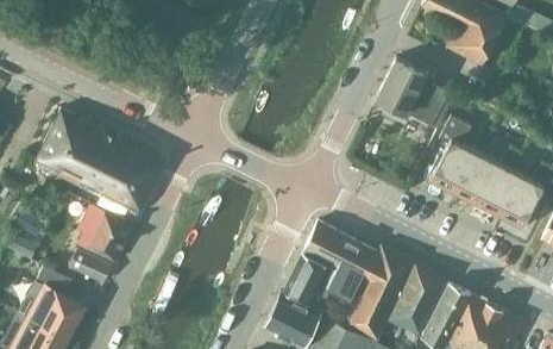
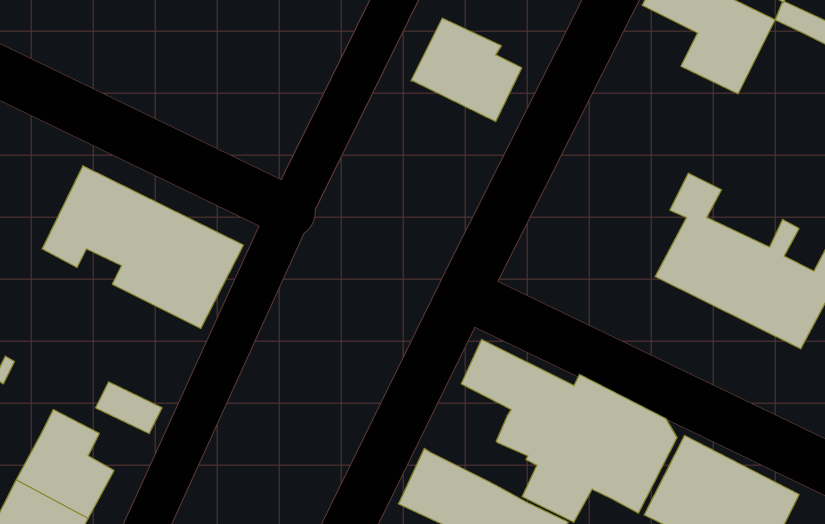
building: [376,58,447,125] -> [411,18,522,121]
building: [76,205,132,262] -> none
building: [284,255,334,317] -> none

